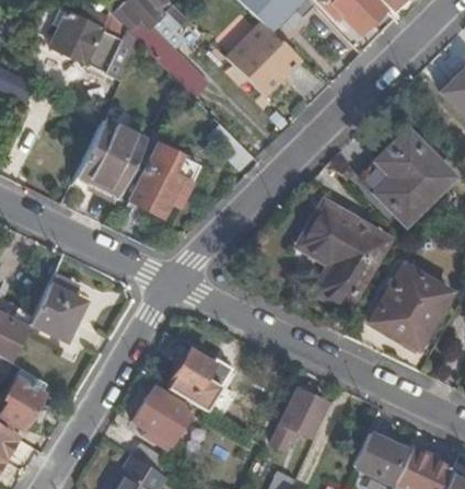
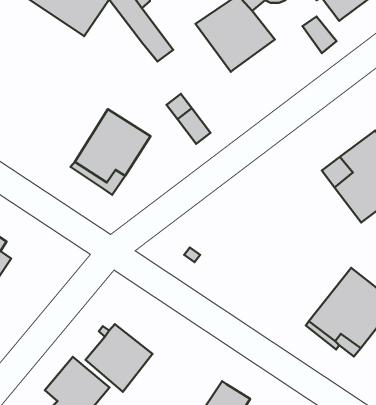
building: [75,120,148,200] -> none
building: [303,202,388,308] -> none

